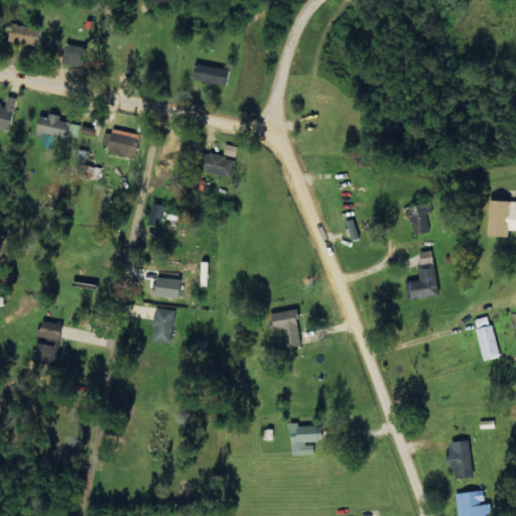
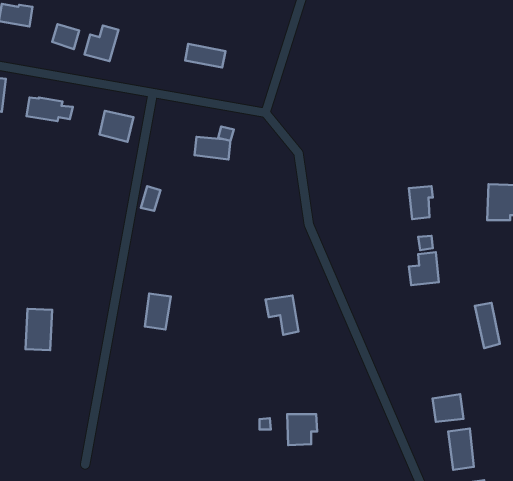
building: none -> [84,25,118,61]
building: [147,278,189,298] -> none
building: none -> [432,394,464,422]

